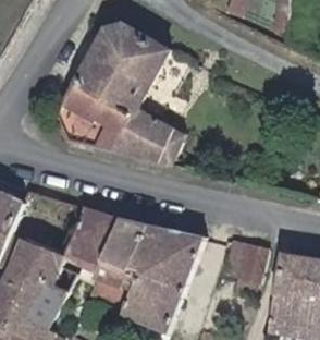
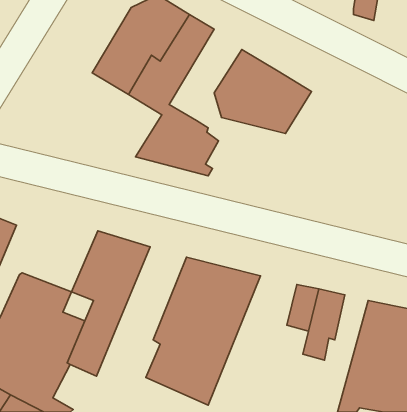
building: [57,84,130,147] -> [214,49,312,134]
building: [96,215,148,284] -> none

